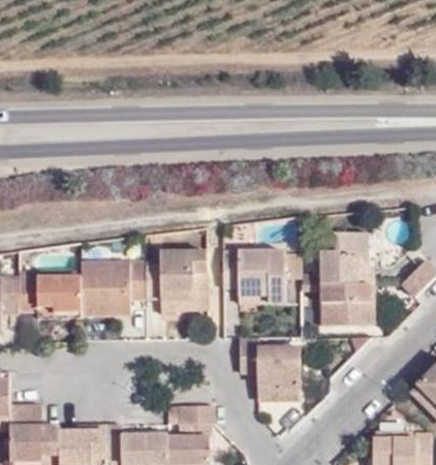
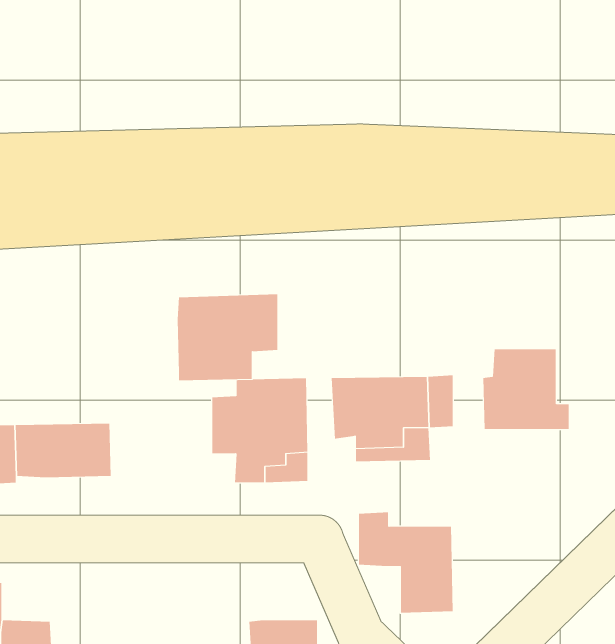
building: [80,262,145,318] -> [177,294,278,381]
building: [319,283,374,324] -> none

